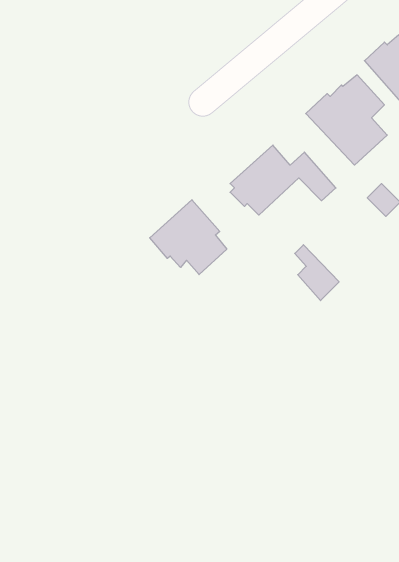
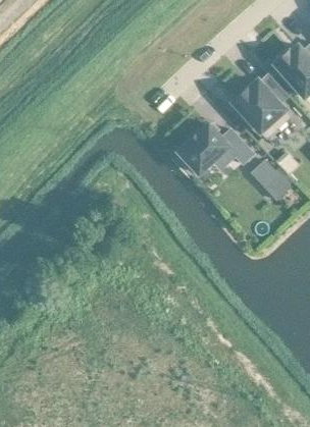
building: [150,200,227,275] -> none
building: [295,245,339,301] -> [258,160,290,200]

